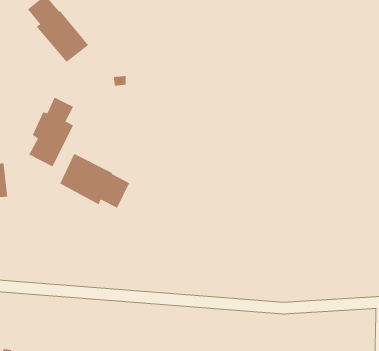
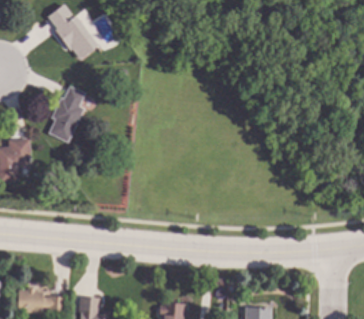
building: [59,153,130,209] -> none

